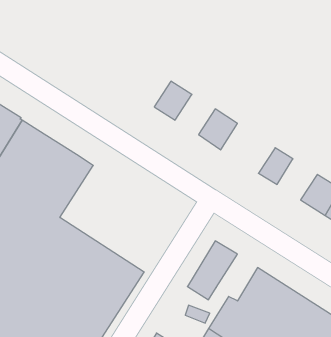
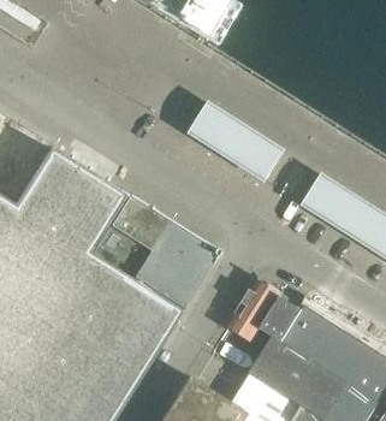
building: none -> [214,120,257,164]
building: none -> [325,190,368,235]
building: none -> [91,196,218,309]
building: none -> [259,293,303,344]

